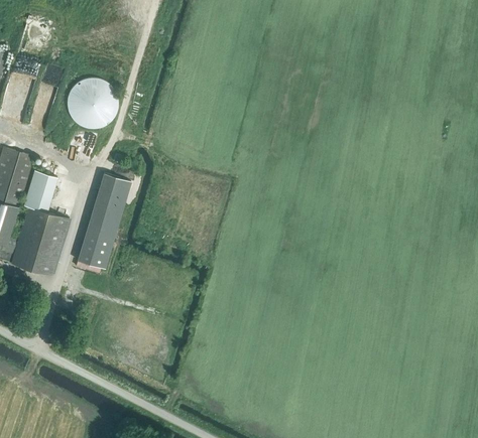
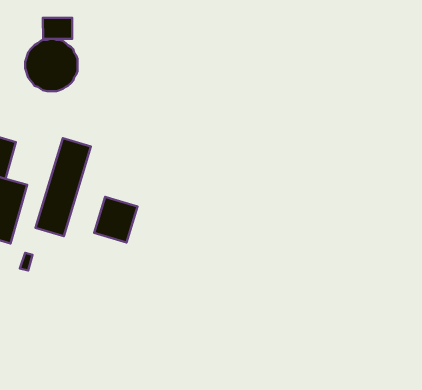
building: none -> [43,18,72,39]
building: none -> [94,197,137,242]

